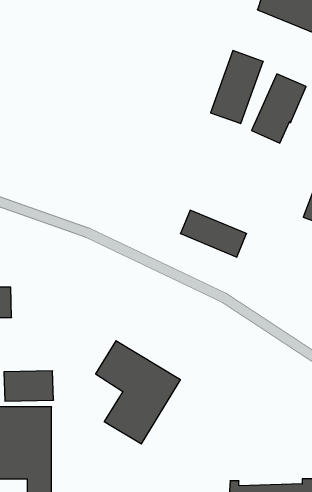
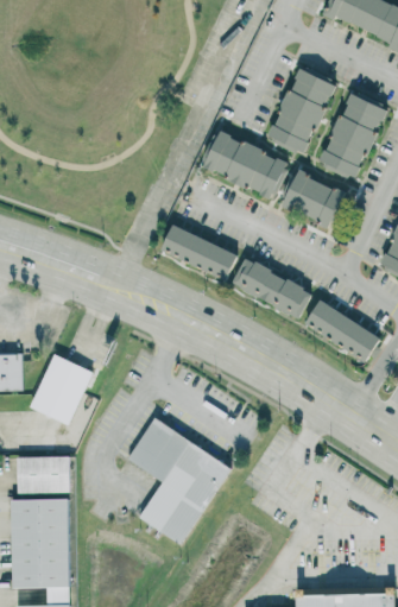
building: none -> [202,132,289,198]
building: none -> [279,170,346,227]
building: none -> [159,223,239,279]
building: none -> [304,299,379,360]
building: none -> [30,355,90,423]

